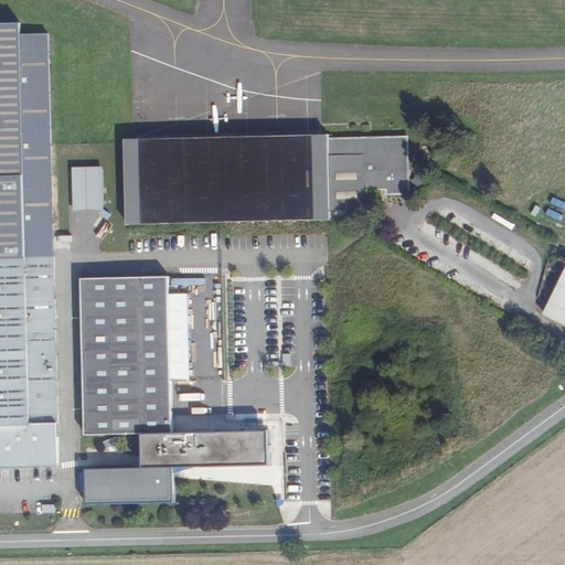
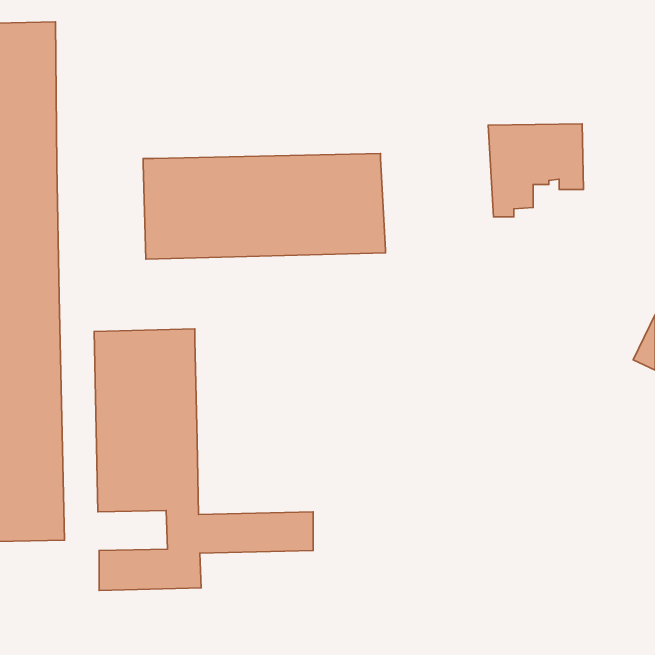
building: [326,135,407,214] -> [488,124,584,217]
building: [71,168,103,210] -> none
building: [167,290,189,377] -> none

